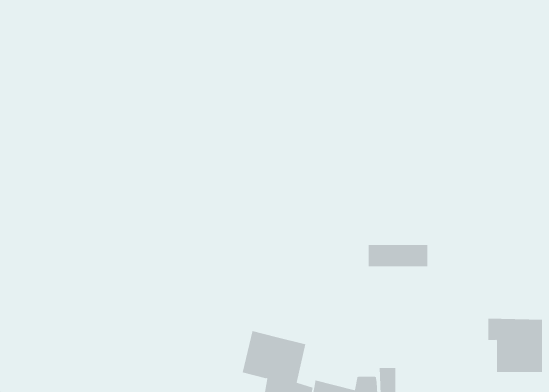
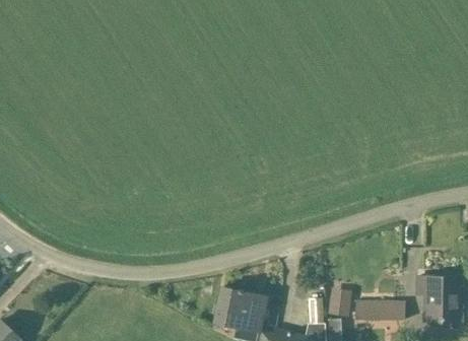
building: [368,245,428,267] -> [355,301,405,320]
building: none -> [328,288,352,317]

